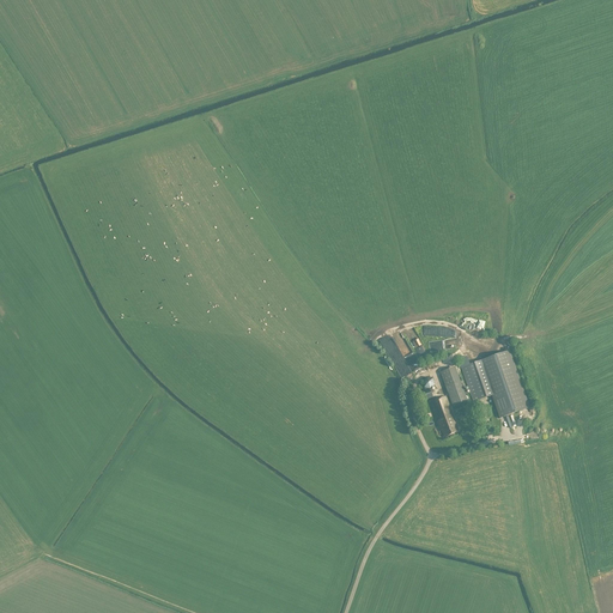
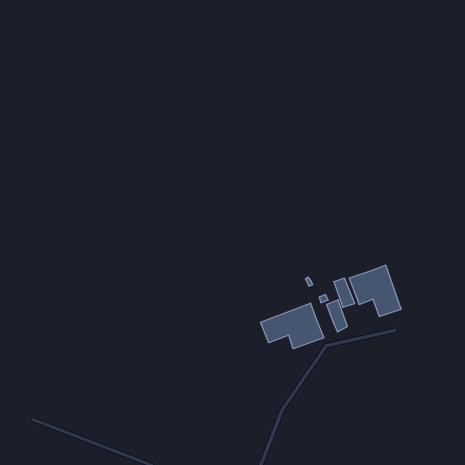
building: none -> [260,303,324,349]

